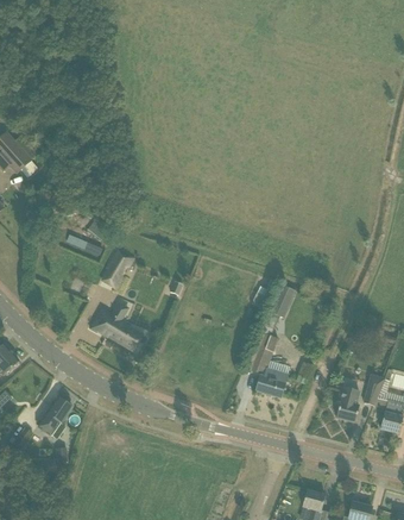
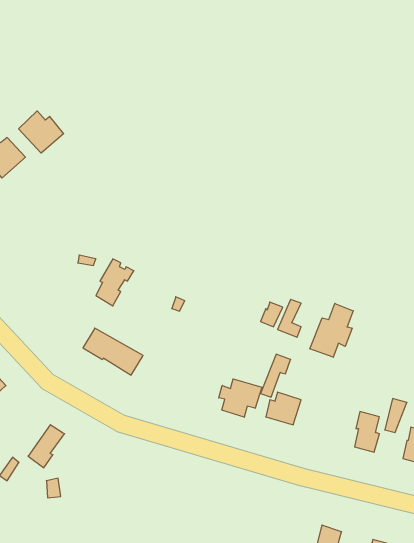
building: none -> [19,111,64,153]
building: none -> [310,303,353,357]
building: none -> [219,379,262,417]

